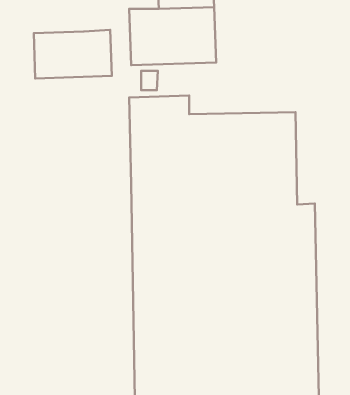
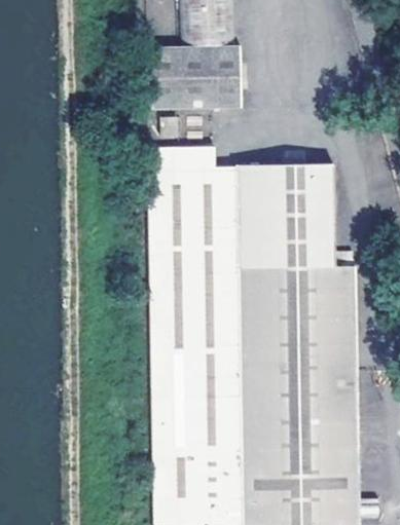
building: [34,30,112,78] -> none

